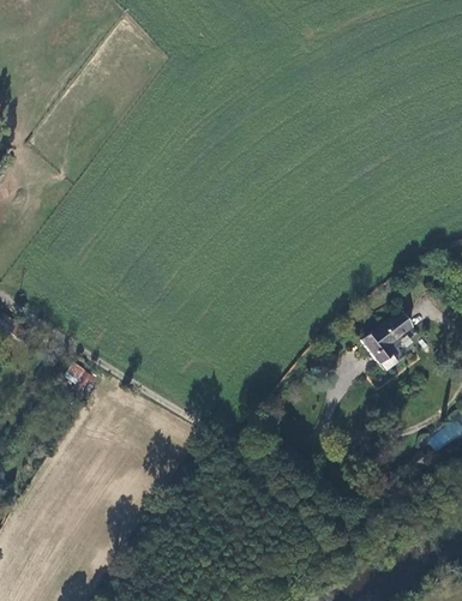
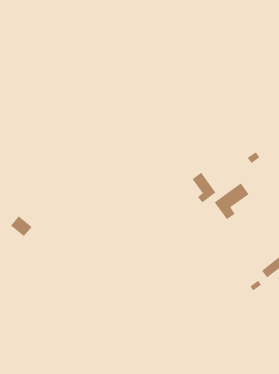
building: none -> [192,172,216,203]

